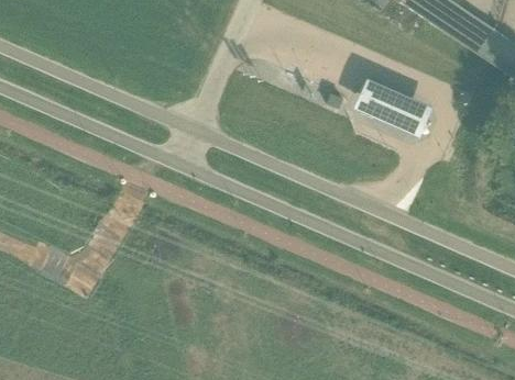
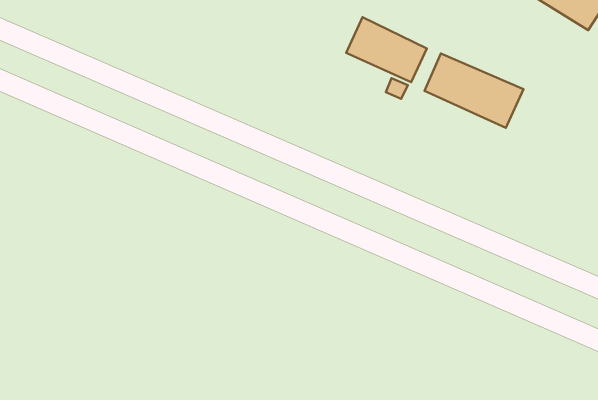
building: none -> [346,17,427,82]

